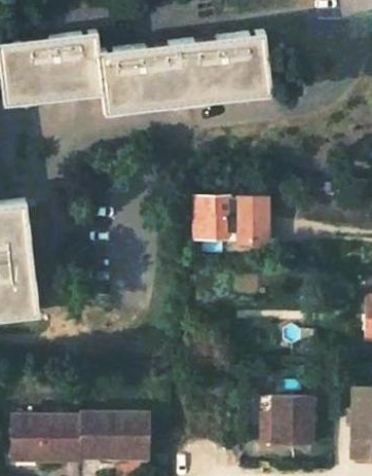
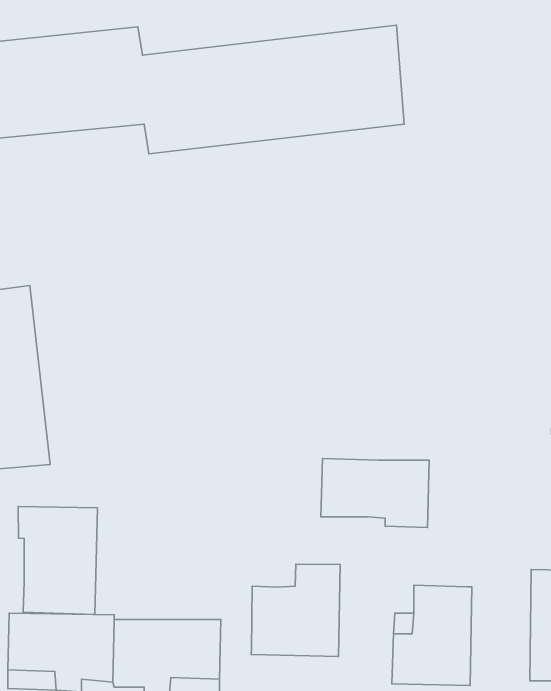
building: [195,196,266,242] -> [321,459,429,528]
building: none -> [18,507,97,615]
building: none -> [251,564,340,657]

